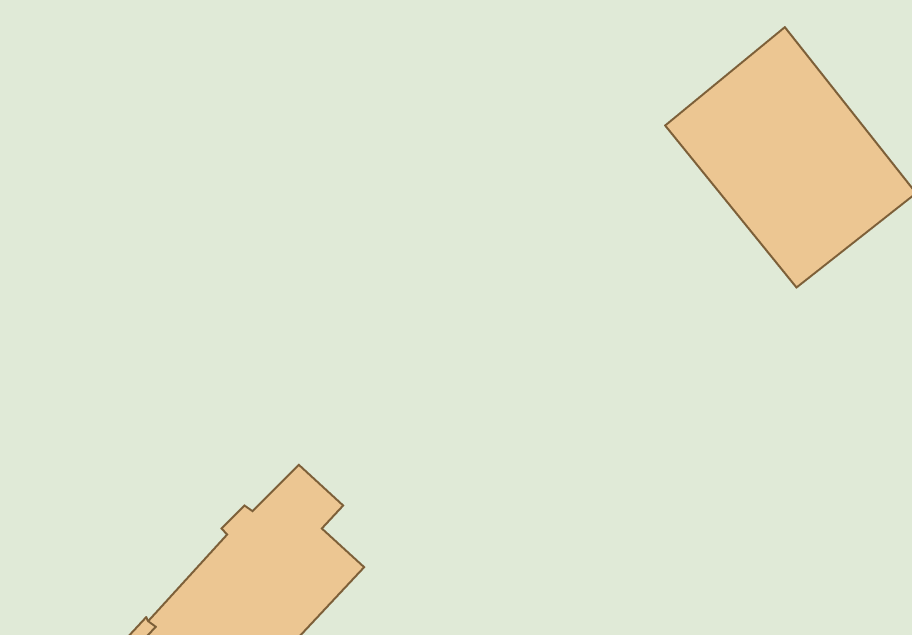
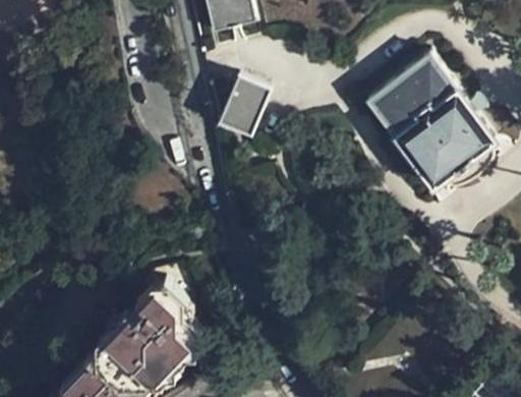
building: none -> [217,77,269,137]

